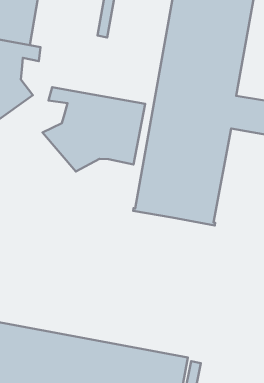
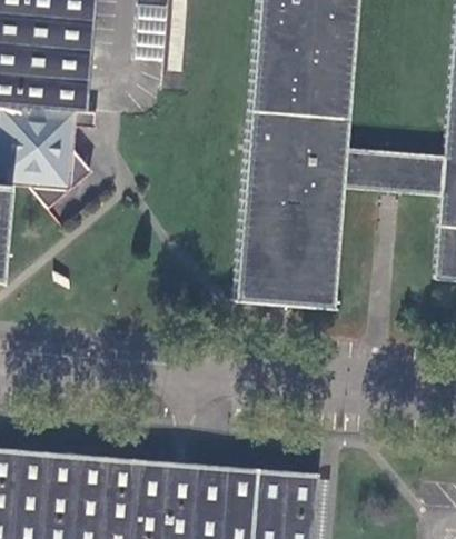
building: [43,87,145,172] -> none

